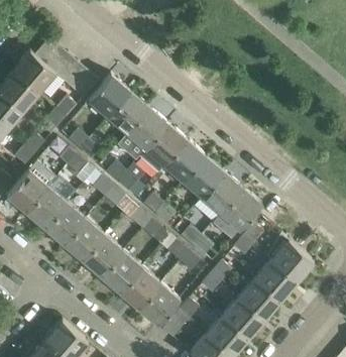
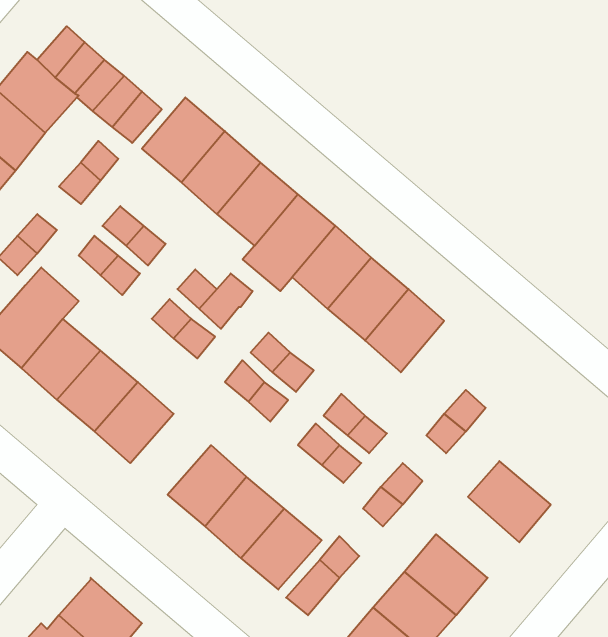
building: [220,189,261,231] -> none
building: [266,234,314,282] -> none
building: [82,236,123,277] -> none
building: [238,278,280,320] -> none

